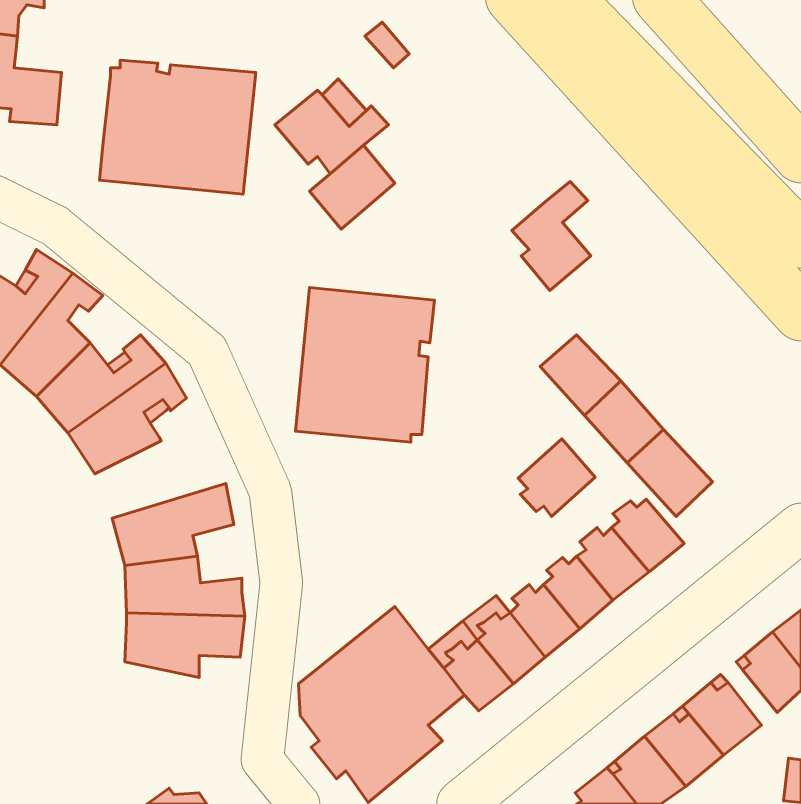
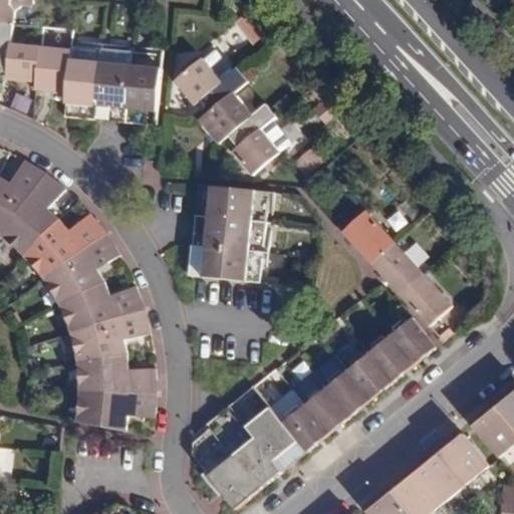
building: none -> [35,46,70,92]
building: [512,181,591,290] -> [230,103,280,173]
building: [518,439,595,517] -> none
building: none -> [60,280,144,329]

